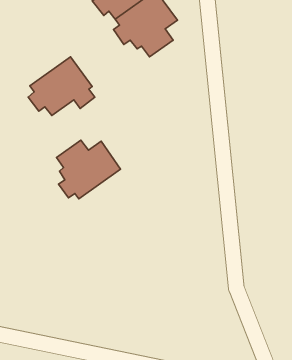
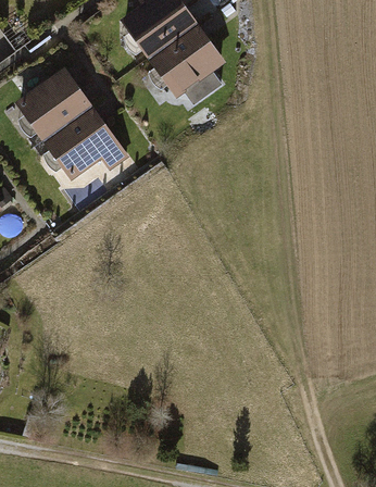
building: none -> [14,66,93,142]
building: [57,140,121,199] -> none

